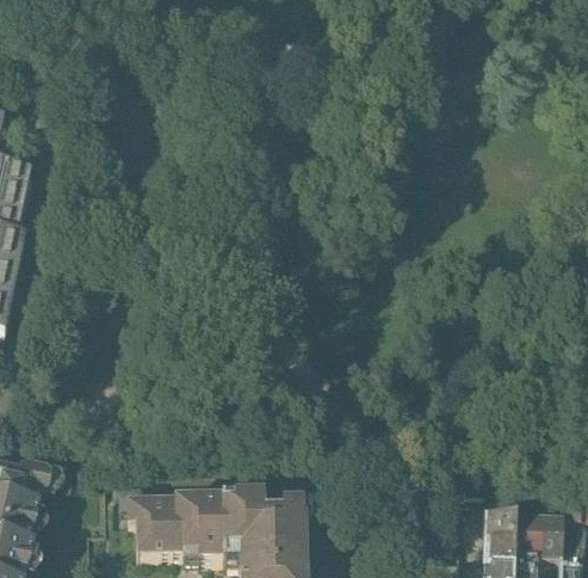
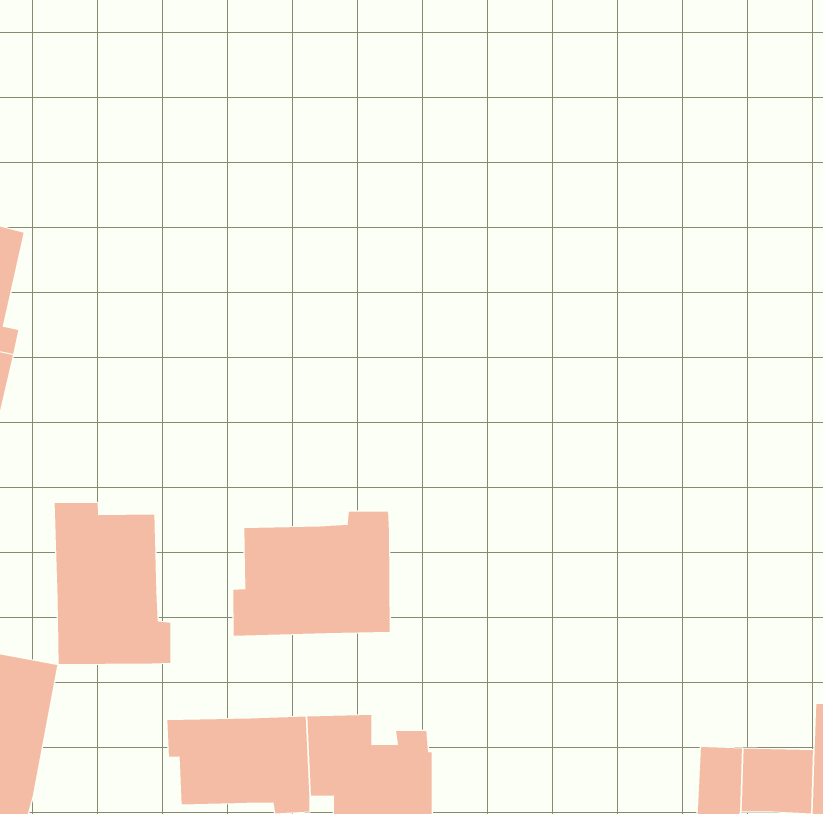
building: none -> [54,502,171,665]
building: none -> [233,511,390,637]

